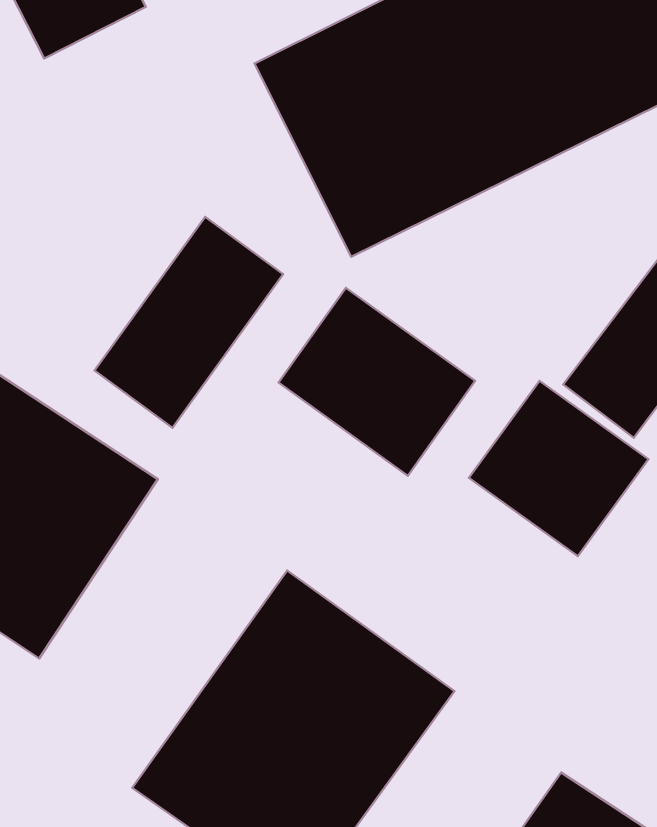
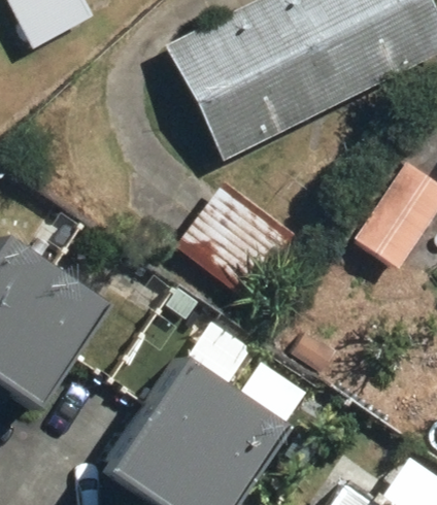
building: [94,217,283,428] -> none
building: [469,381,648,556] -> none

